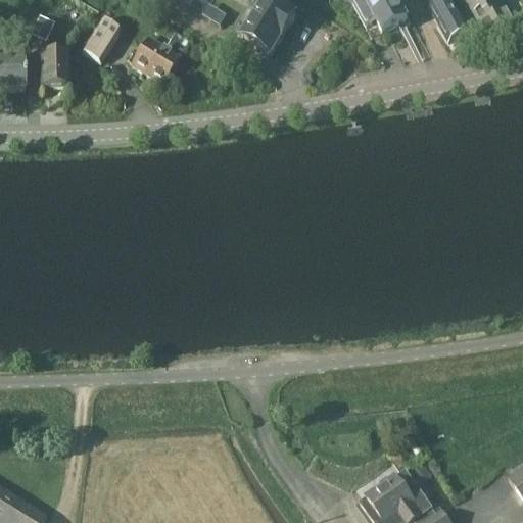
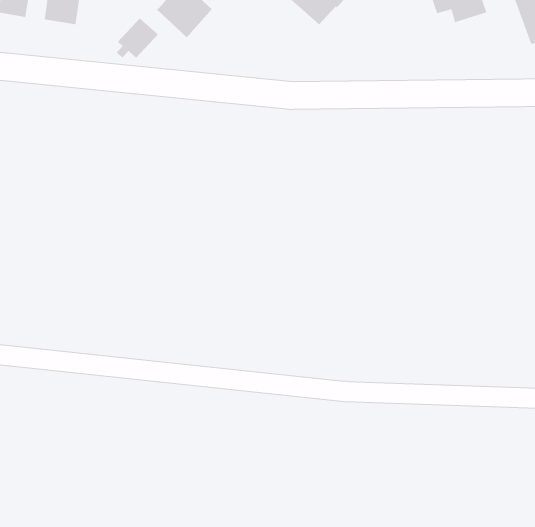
building: none -> [116,17,159,58]

